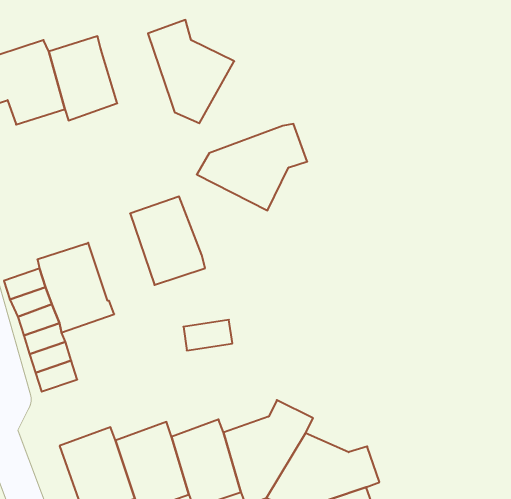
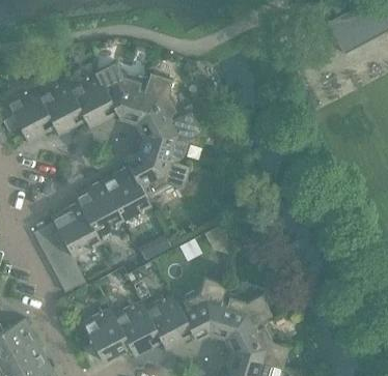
building: none -> [68,75,114,125]
building: none -> [133,75,182,139]
building: none -> [123,152,189,199]
building: none -> [74,181,121,234]

